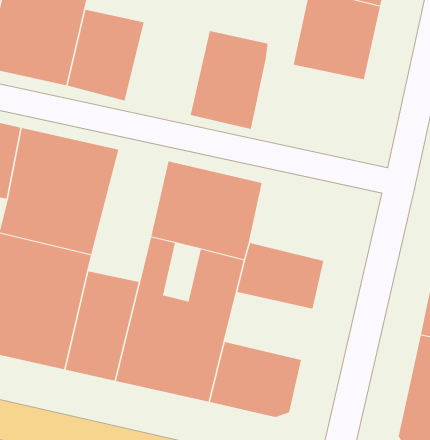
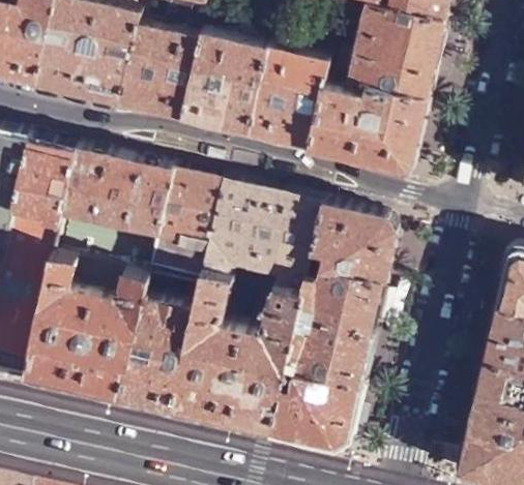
building: none -> [180,35,266,137]
building: none -> [310,79,426,171]
building: none -> [142,172,224,307]
building: none -> [308,206,397,285]
building: none -> [282,317,373,387]

